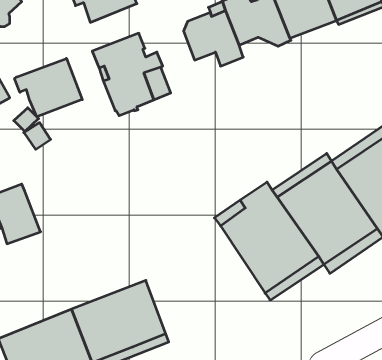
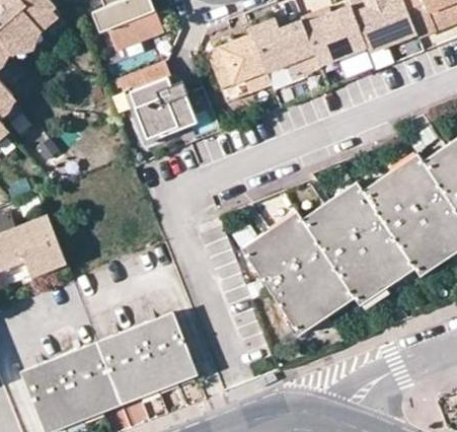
building: [15,58,82,117] -> none

